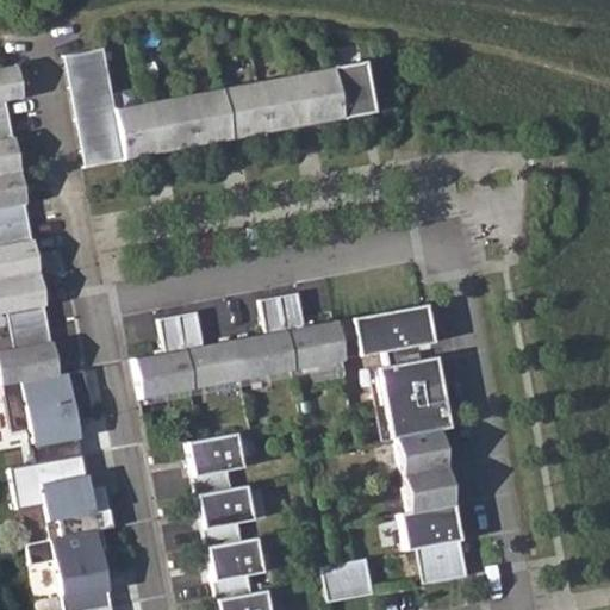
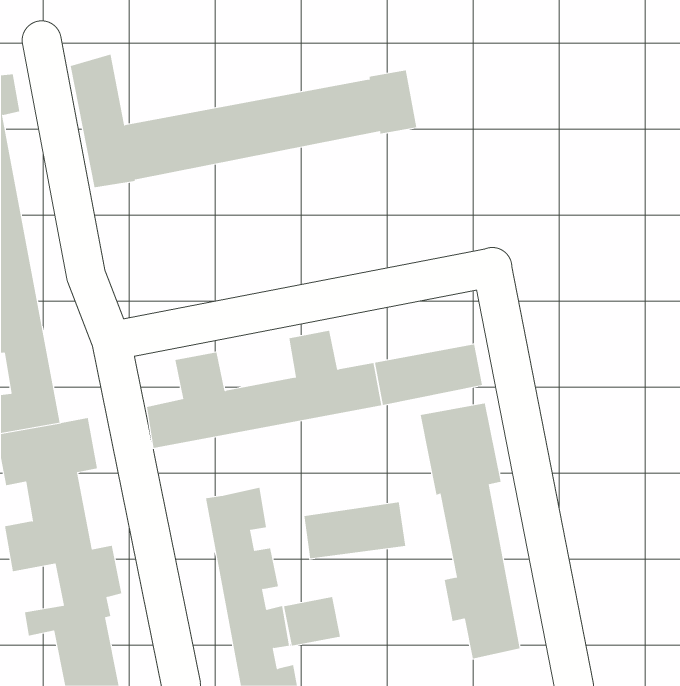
building: none -> [304,501,406,559]
building: [322,559,373,603] -> [283,597,341,646]

